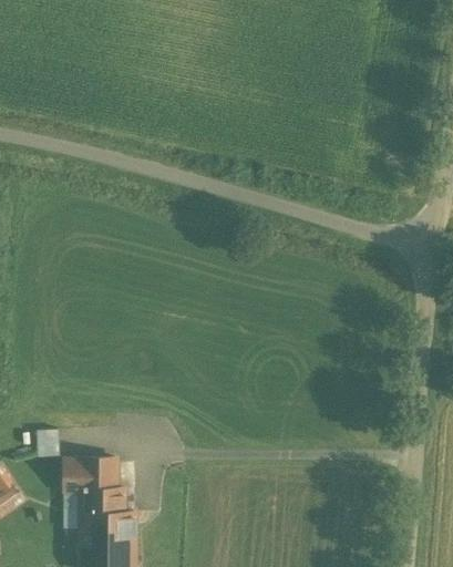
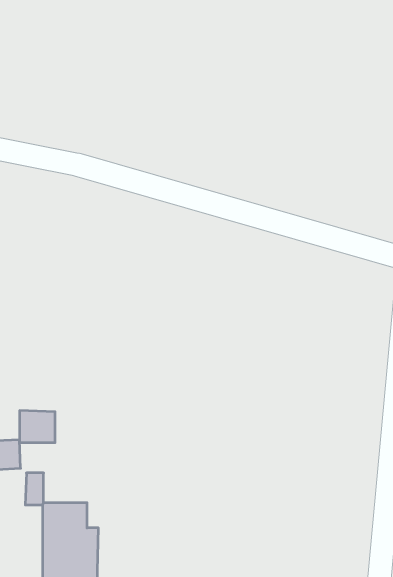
building: [80,460,114,491] -> [20,411,55,443]

